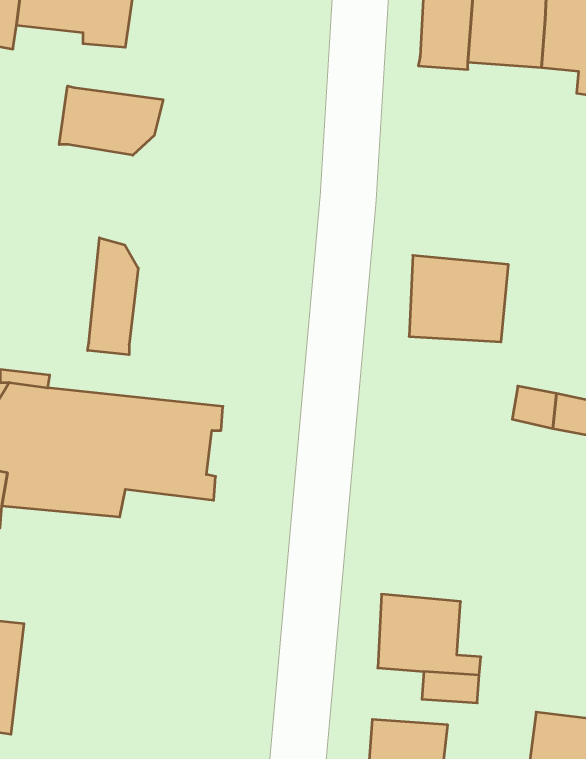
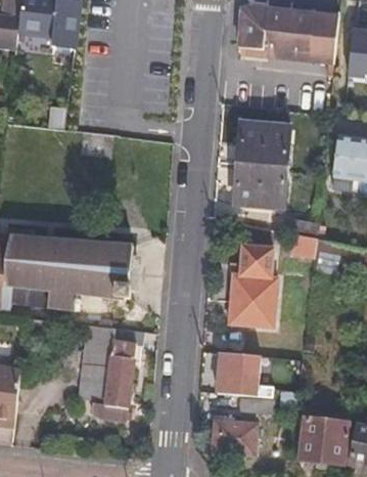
building: [59,86,163,155] -> none
building: none -> [236,125,292,167]
building: [88,238,138,355] -> none
building: none -> [229,242,279,327]
building: none -> [72,322,140,419]

